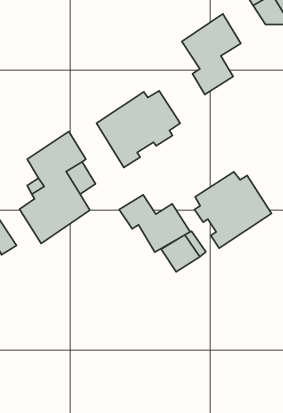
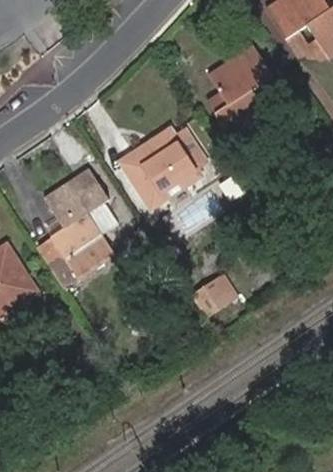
building: [195,172,271,248] -> none
building: [119,195,190,252] -> none

